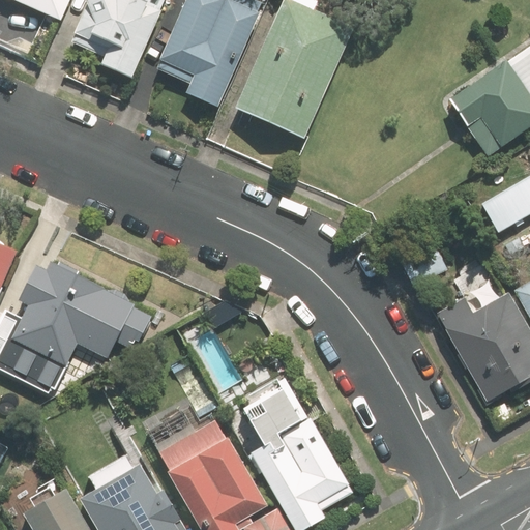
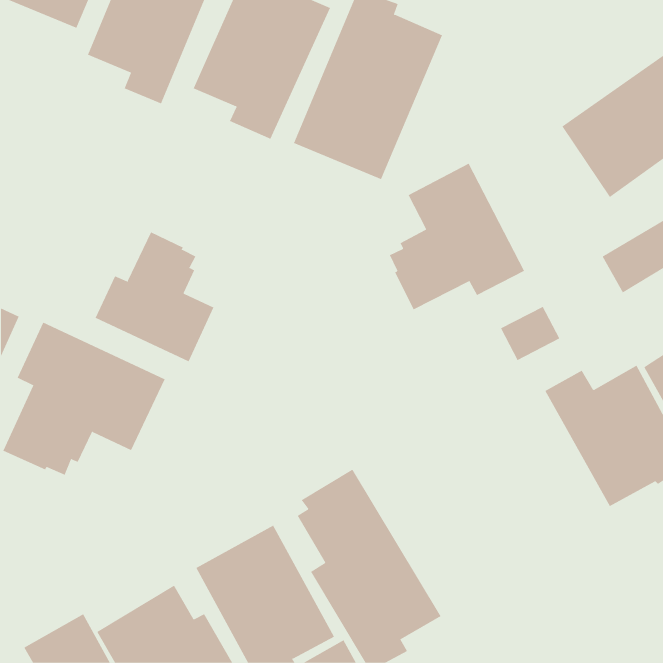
building: none -> [389,163,525,310]
building: none -> [95,231,214,362]

